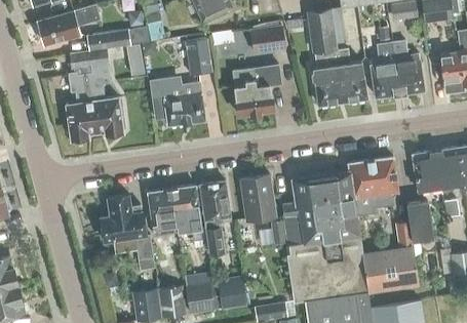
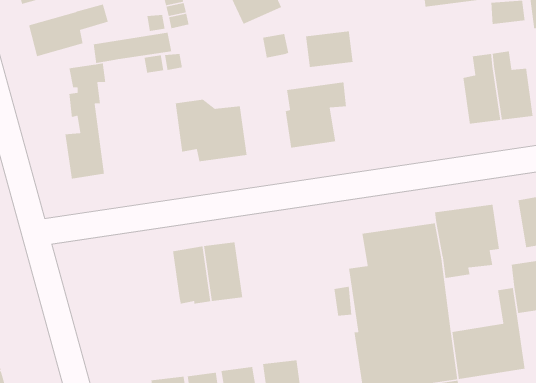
building: [308,8,367,106] -> none
building: [185,39,212,76] -> none
building: [89,48,123,135] -> none
building: [240,175,276,220] -> none
building: [199,181,231,257] -> none
building: [101,196,155,270] -> none

